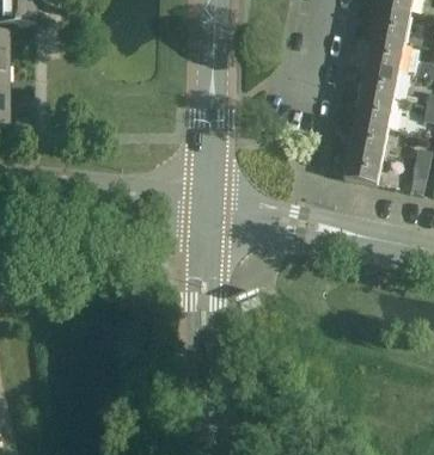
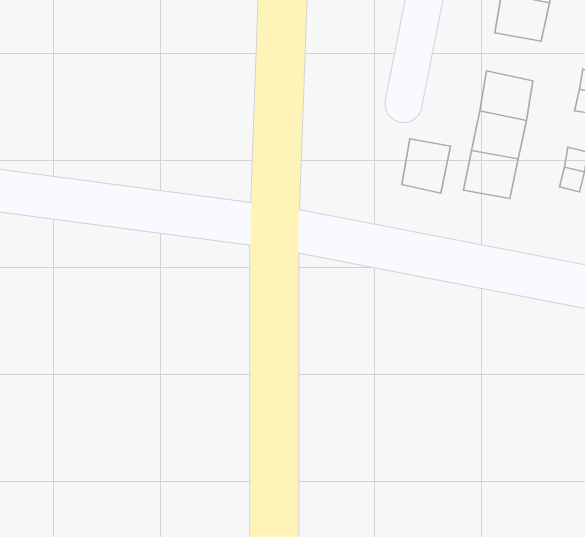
building: [360,62,399,97] -> none
building: none -> [402,139,450,193]

